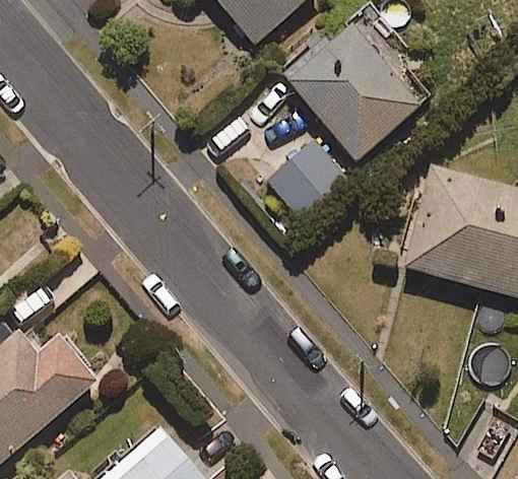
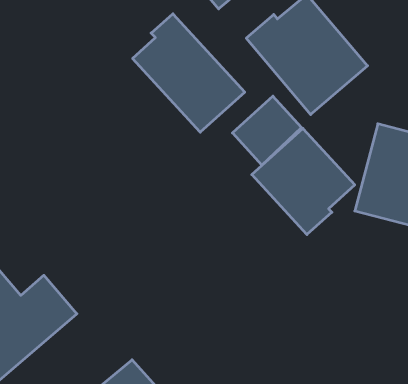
building: none -> [133,14,245,132]
building: none -> [252,128,355,235]

